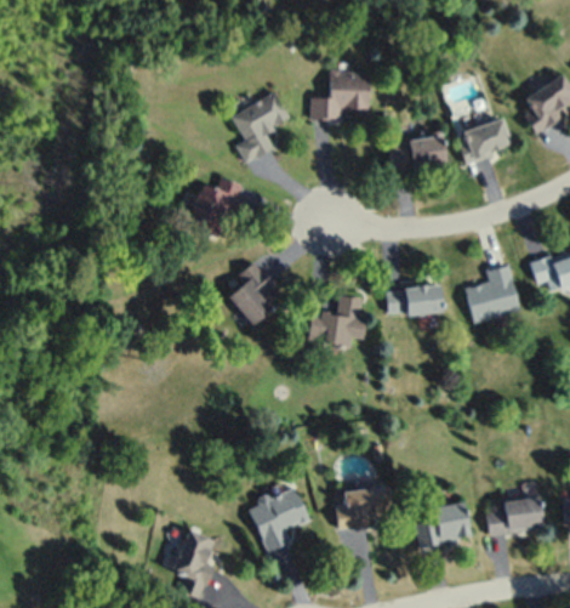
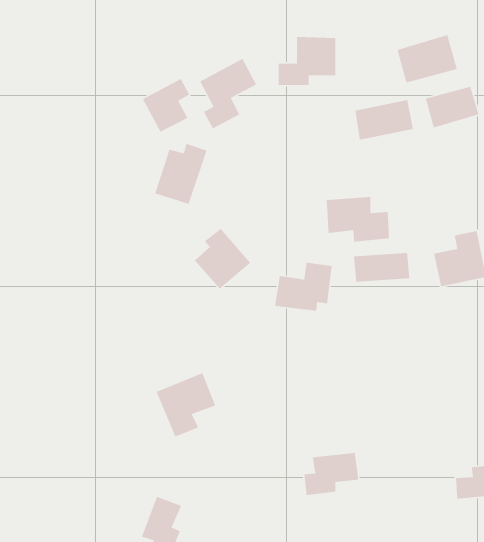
building: none -> [397,34,458,83]
building: none -> [142,78,190,133]
building: none -> [326,196,390,242]
building: [249,487,309,552] -> [155,372,216,437]
building: [416,502,471,546] -> none

